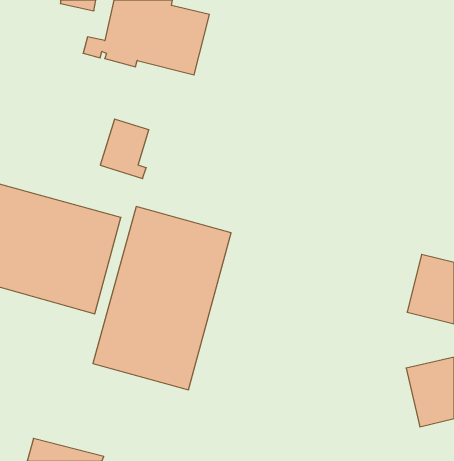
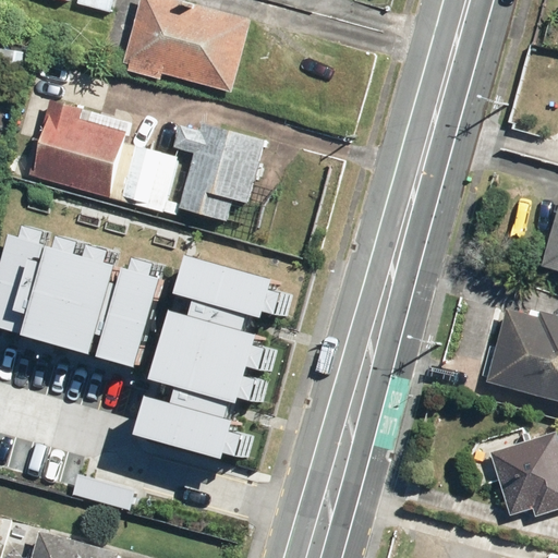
building: none -> [29,97,130,196]
building: none -> [177,114,269,222]

